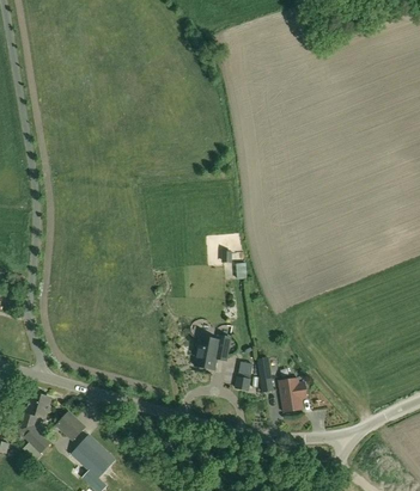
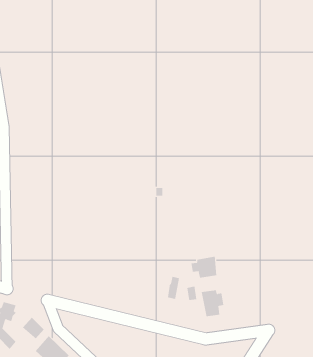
building: [195,333,230,370] -> none
building: none -> [191,256,217,279]

